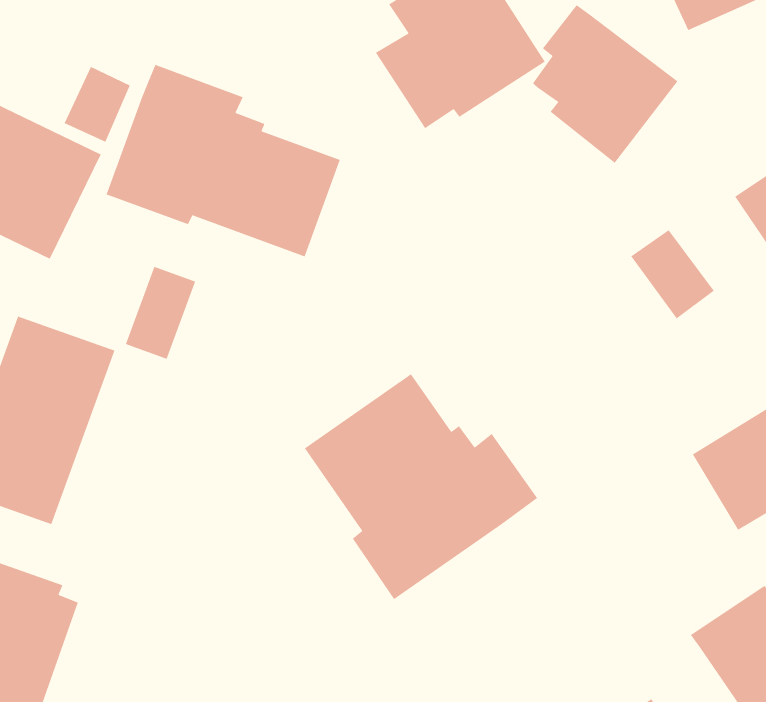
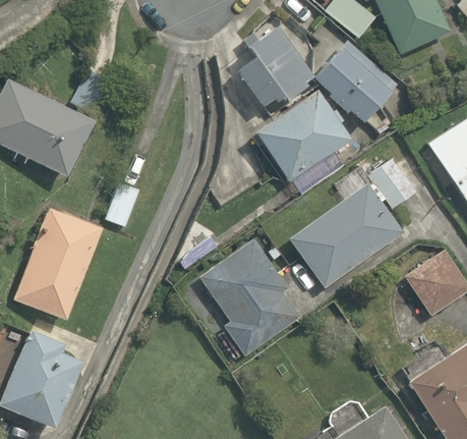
building: [105,64,341,257] -> none
building: none -> [257,89,347,179]
building: none -> [291,184,403,289]

